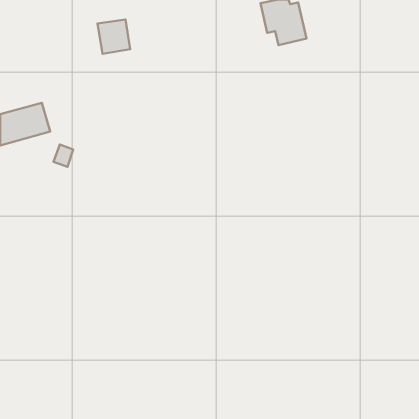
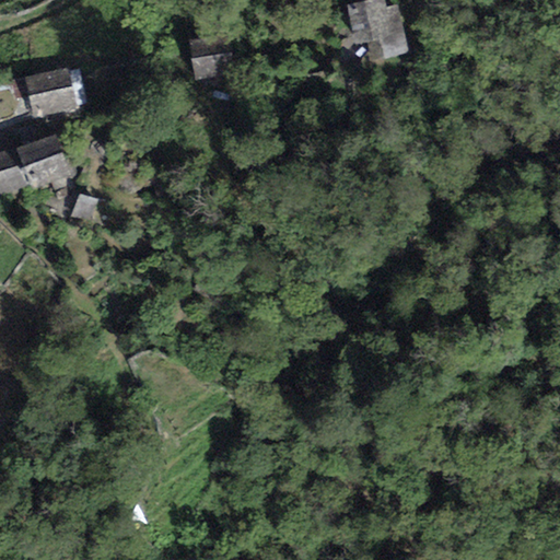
building: [97,19,130,54] -> [189,34,233,80]
building: none -> [27,68,77,117]

